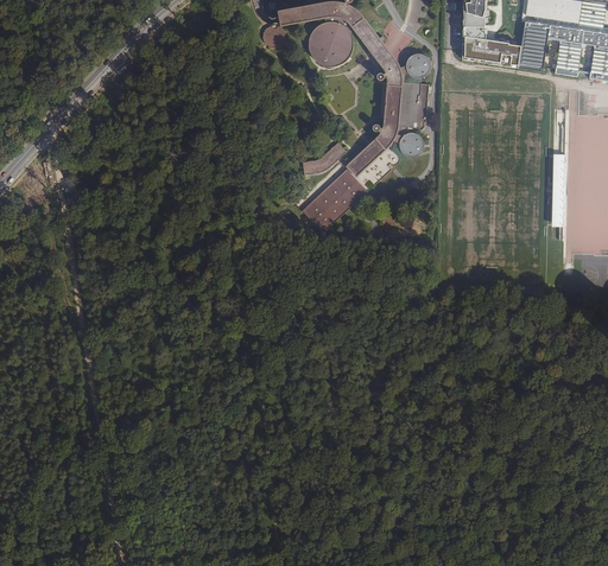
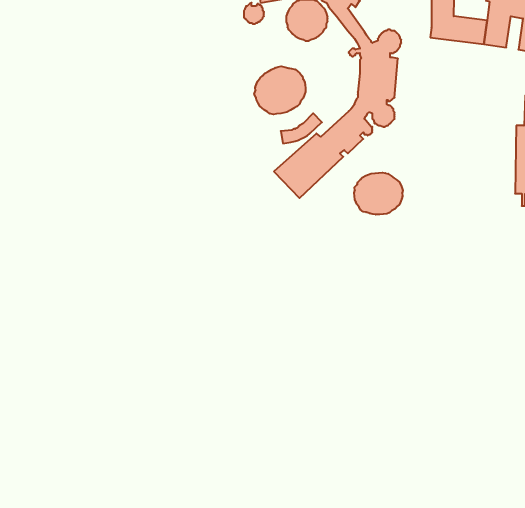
building: none -> [254,66,306,114]
building: none -> [354,173,403,215]

